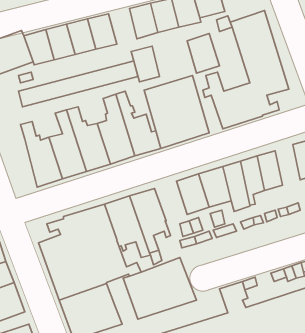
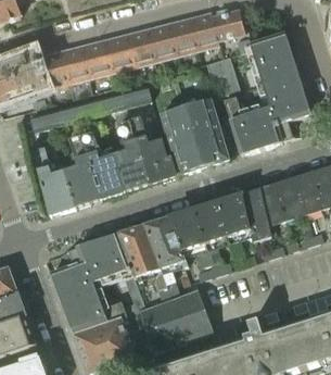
building: [131,46,159,82] -> [123,28,152,65]
building: none -> [295,170,321,212]
building: none -> [170,208,204,249]

